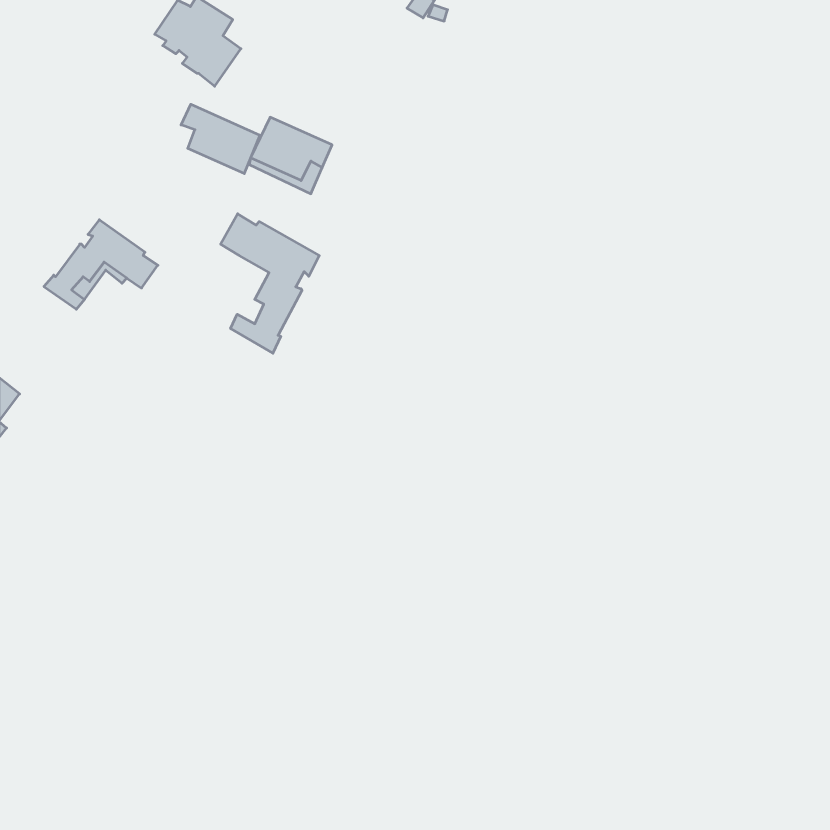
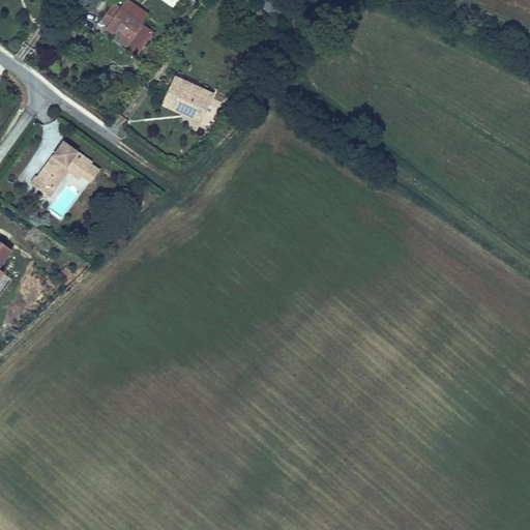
building: [181,104,260,174] -> none
building: [221,214,319,353] -> none

